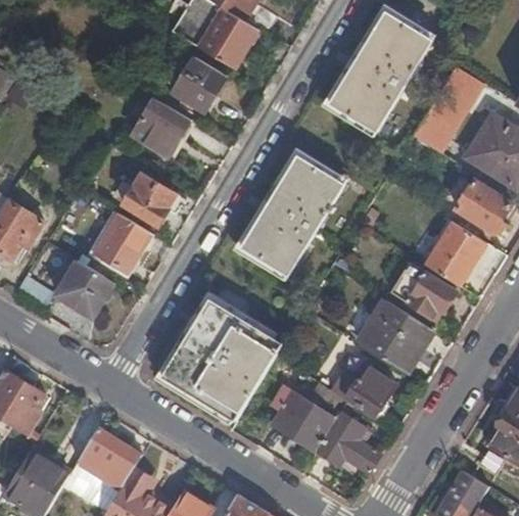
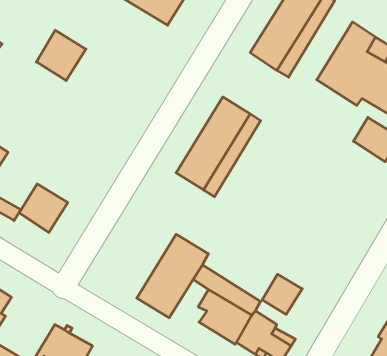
building: [170,57,225,113] -> none
building: [131,98,190,158] -> [36,30,86,81]
building: [123,175,175,227] -> none
building: [93,214,151,273] -> none
building: [425,221,486,286] -> none
building: [388,261,455,317] -> none
building: [162,299,242,396] -> none
building: [359,301,430,372] -> none

